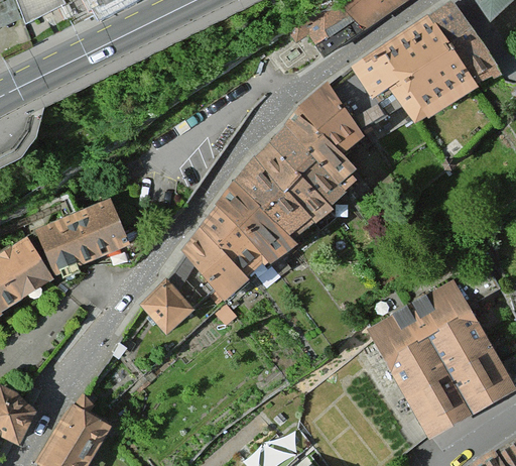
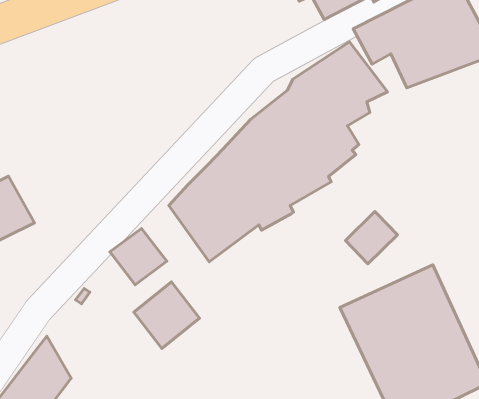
building: [37,197,134,277] -> none
building: none -> [346,211,397,264]
building: none -> [134,282,200,349]

